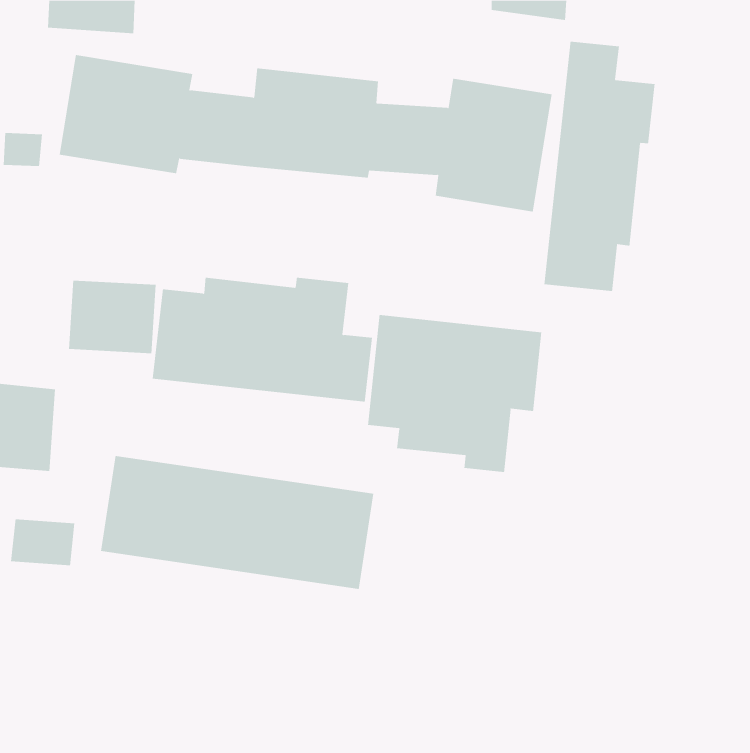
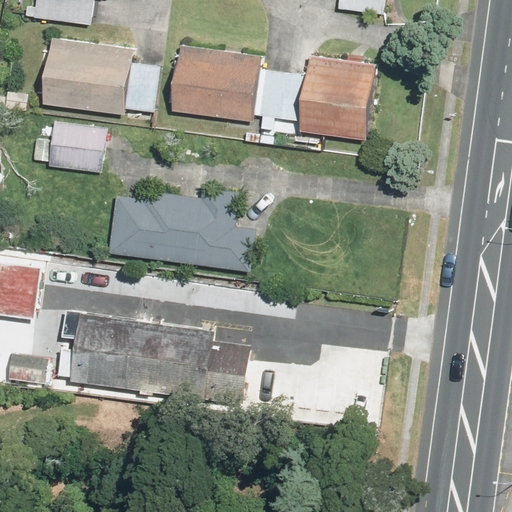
building: [544,41,655,292] -> none
building: [68,280,157,354] -> [47,121,107,171]
building: [367,314,542,473] -> none

